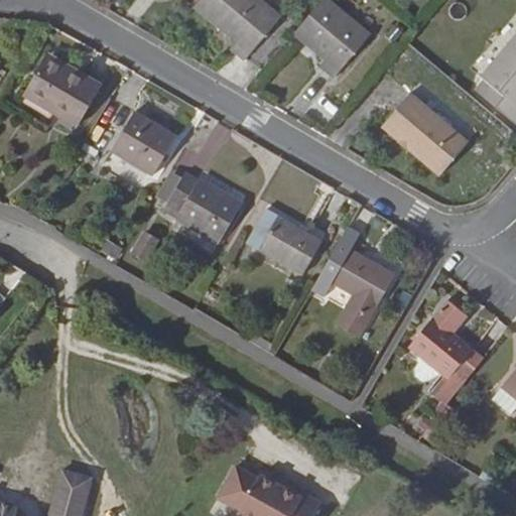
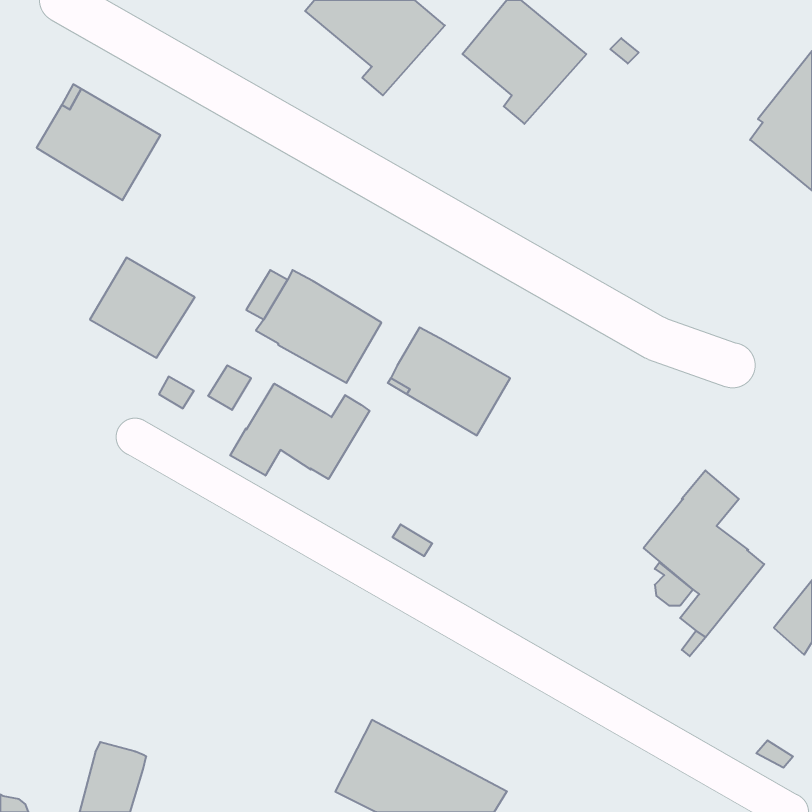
building: [383,93,469,175] -> none
building: [111,111,177,174] -> [90,258,195,358]
building: [311,226,397,338] -> none
building: none -> [230,384,370,479]

